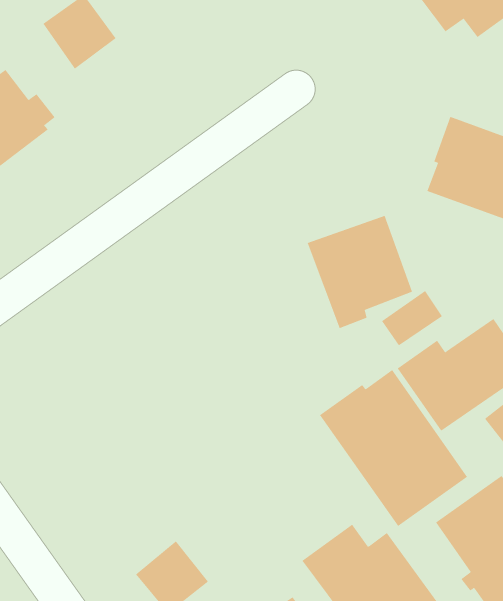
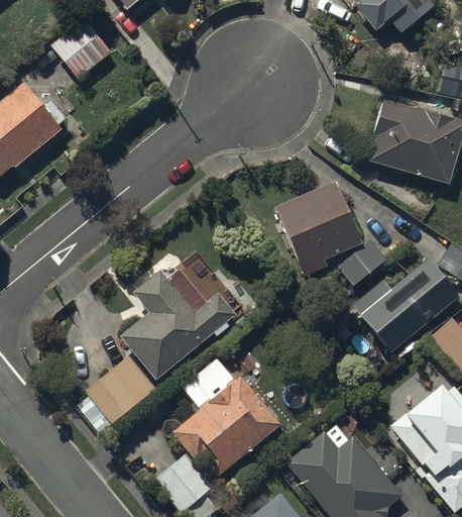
building: none -> [120,269,236,380]
building: [319,369,468,527] -> none
building: none -> [77,354,157,431]
building: none -> [171,358,279,477]

